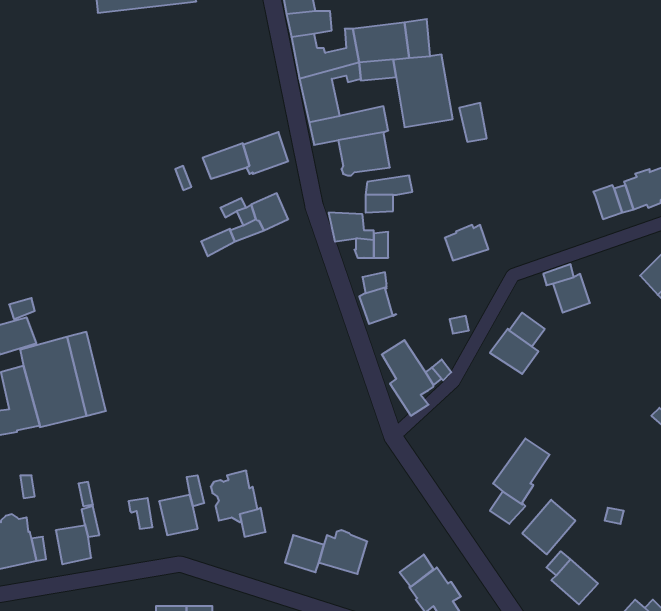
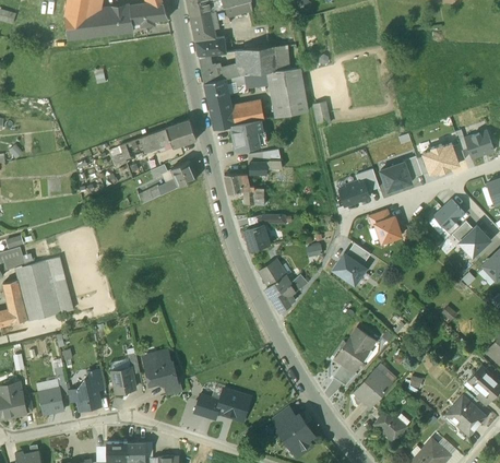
building: none -> [380,163,410,191]
building: [445,225,488,260] -> [340,181,369,205]
building: none -> [76,377,97,408]

